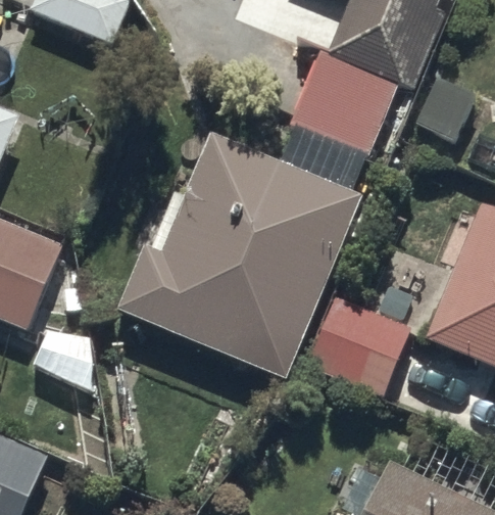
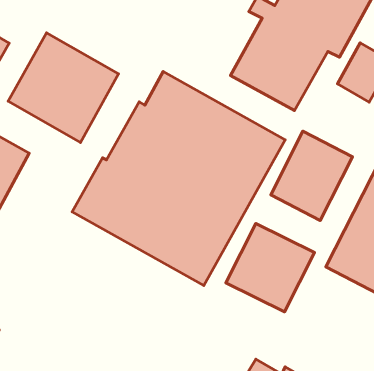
building: none -> [8,33,119,142]
building: none -> [271,131,353,220]

